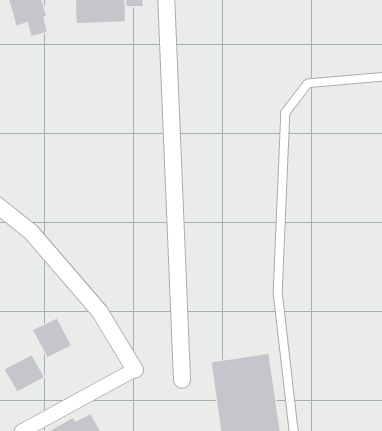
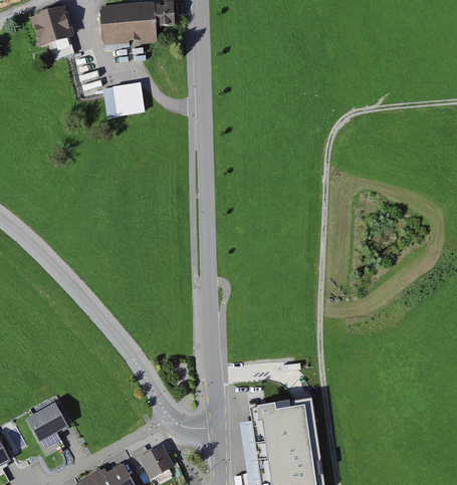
building: none -> [103,83,146,116]
building: [32,318,72,358] -> none
building: none -> [128,442,170,474]

